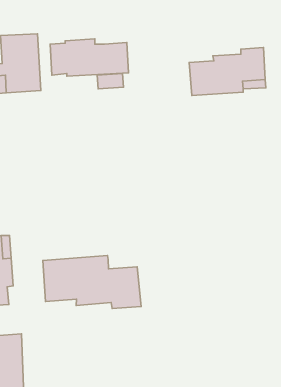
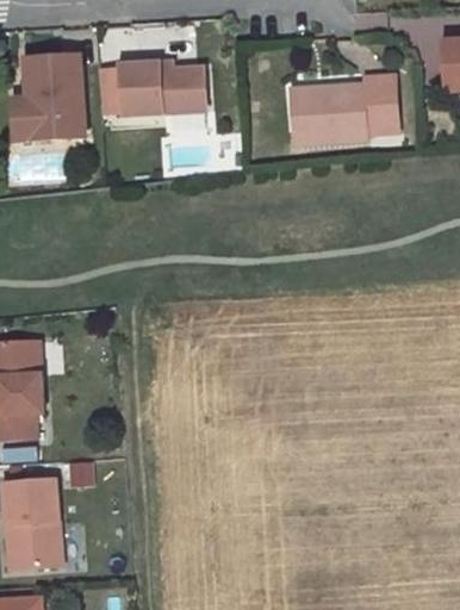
building: [43,255,141,309] -> none

